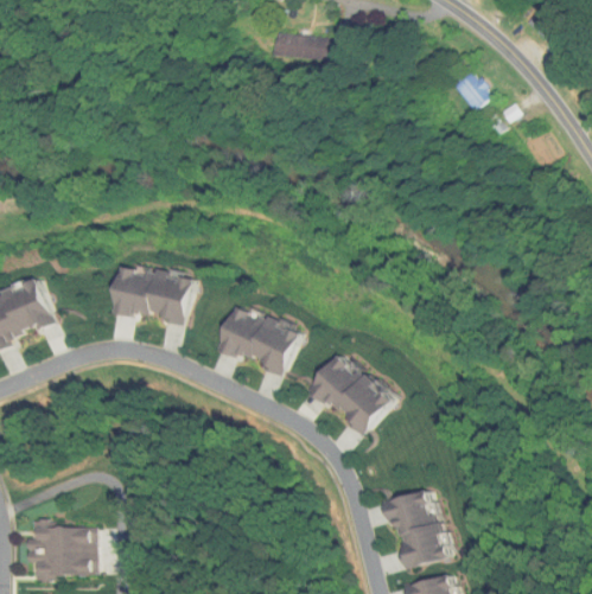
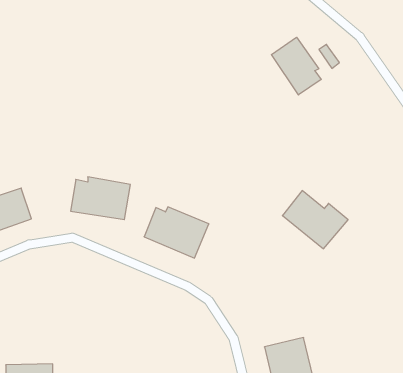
building: [279,36,337,60] -> none
building: none -> [271,37,321,95]
building: [305,353,396,434] -> [282,191,348,249]

